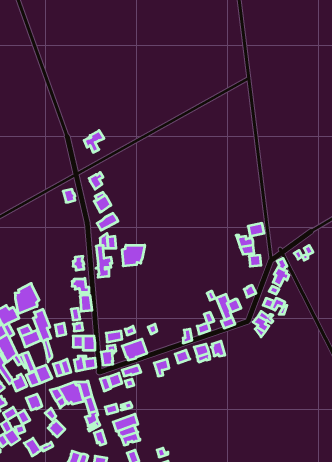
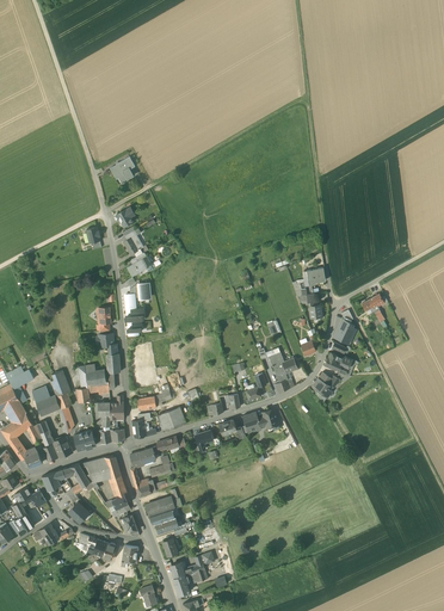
building: [122,245,145,266] -> none
building: [15,283,39,314] -> none

